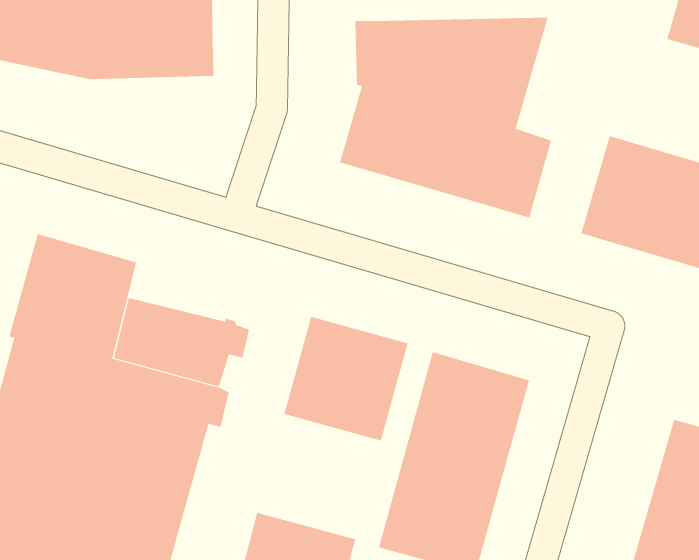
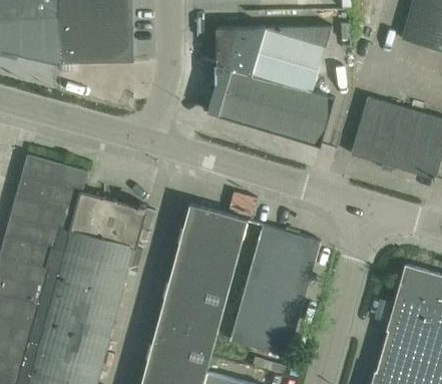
building: none -> [158,262,233,336]

